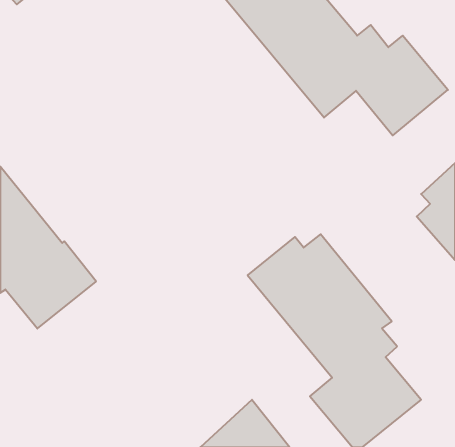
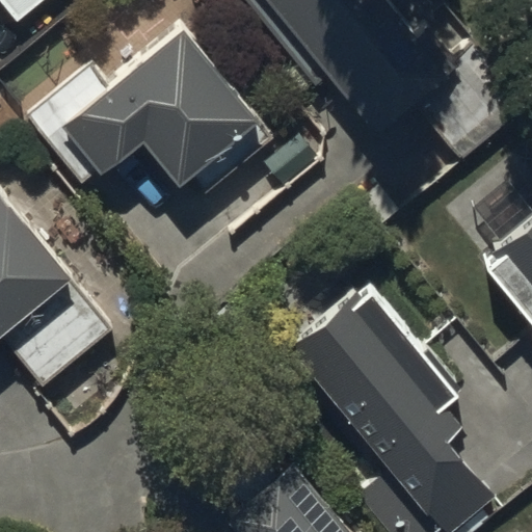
building: none -> [23,36,266,189]

